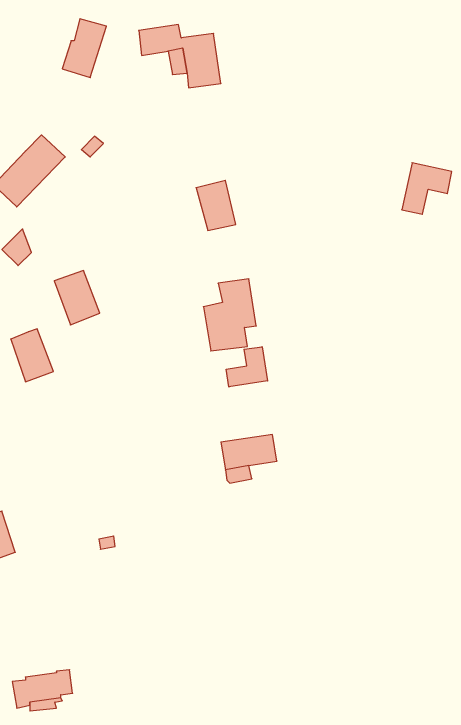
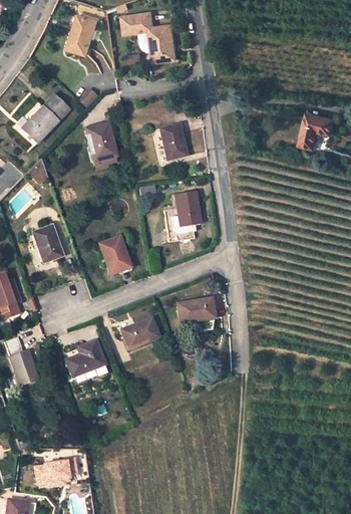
building: none -> [86,121,117,160]
building: [54,271,100,325] -> [100,236,131,273]
building: [226,347,268,387] -> none
building: none -> [121,317,158,347]
building: none -> [66,339,104,375]

